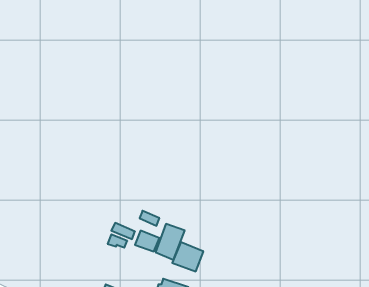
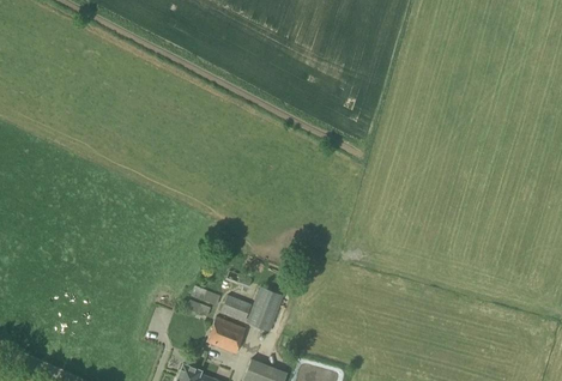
building: [172,242,203,271] -> [206,316,246,353]

